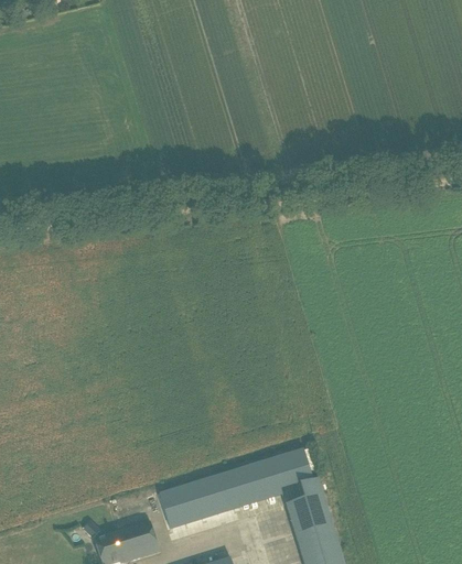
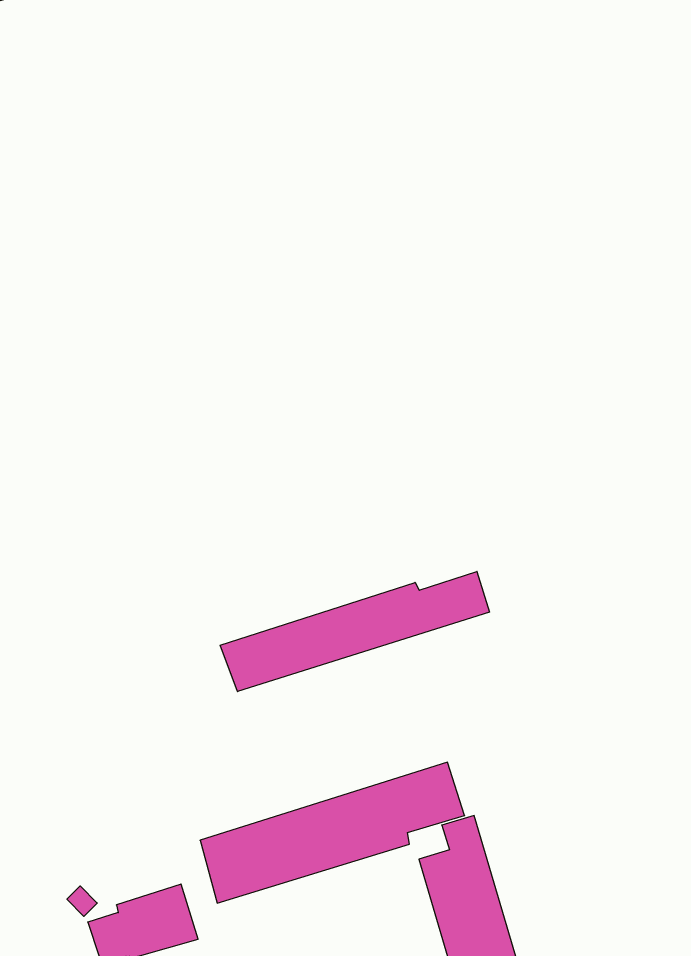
building: none -> [220,571,490,692]

